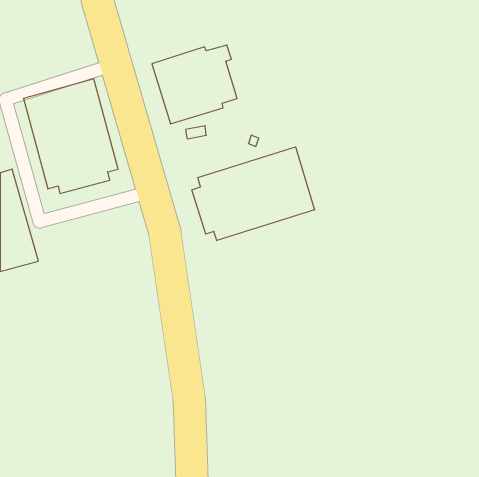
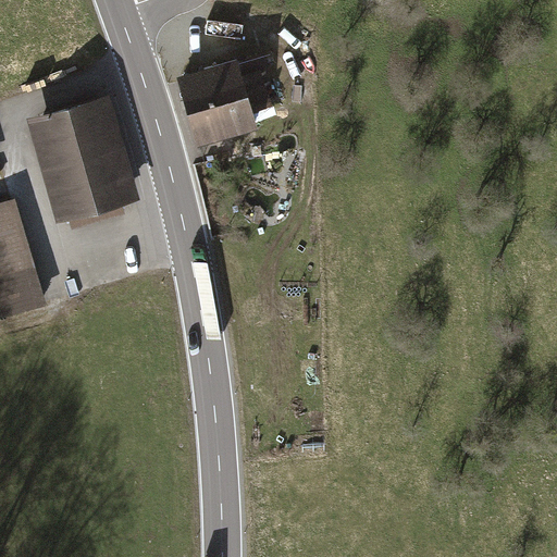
building: [192,147,315,241] -> none

